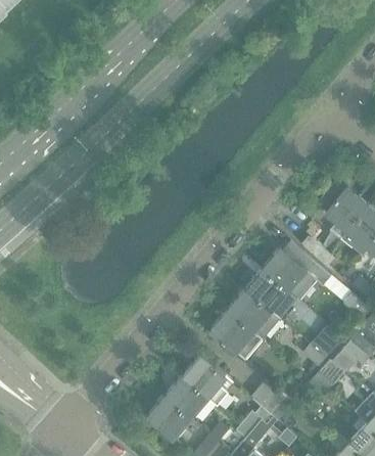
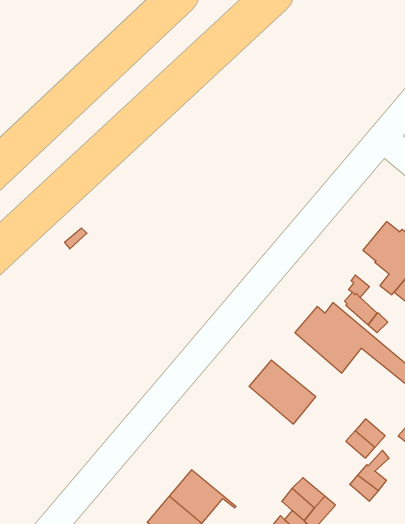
building: [244,269,299,319] -> none
building: [209,311,262,362] -> none
building: [182,355,227,405] -> none

